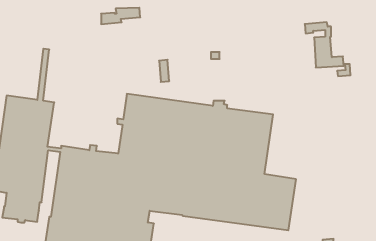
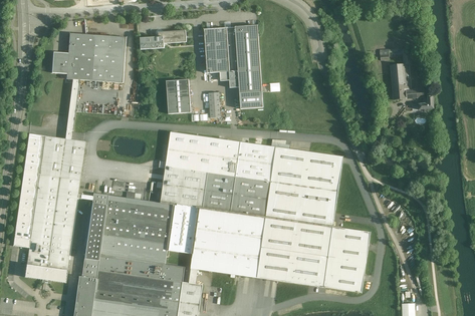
building: none -> [203,25,262,108]
building: none -> [51,32,126,82]
building: none -> [166,79,190,113]

